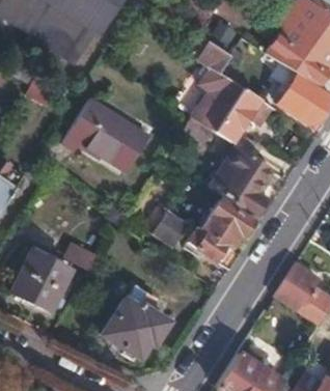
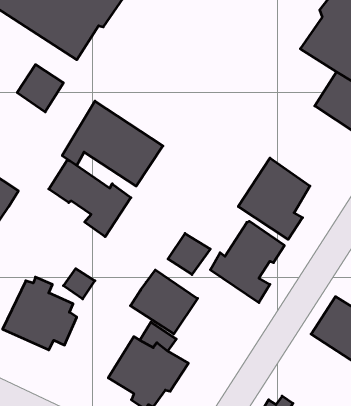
building: [191,35,275,141] -> none
building: none -> [49,160,131,237]
building: none -> [130,270,198,334]

